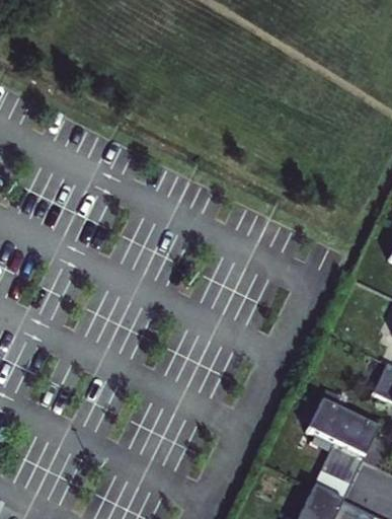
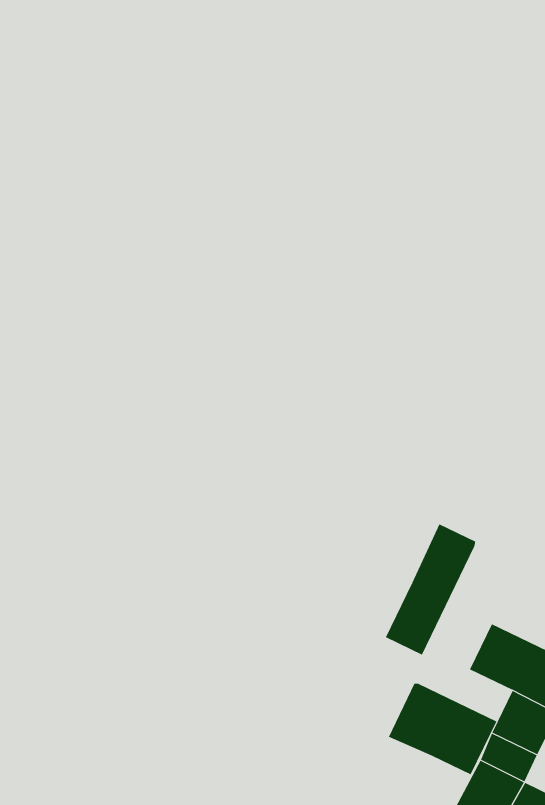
building: none -> [385,523,476,655]
building: none -> [388,683,497,775]

